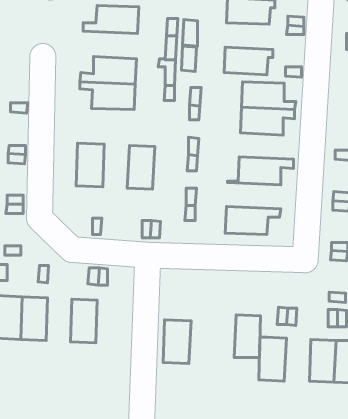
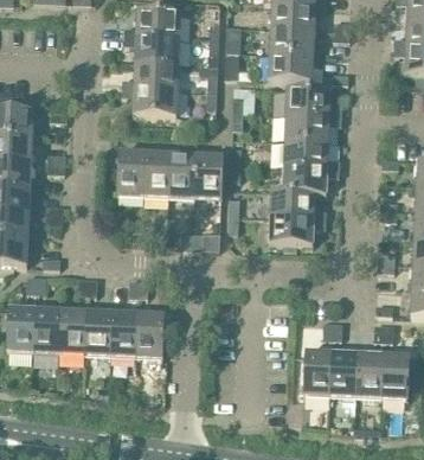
building: none -> [269,26,317,53]
building: none -> [122,34,179,63]
building: none -> [283,139,339,166]
building: none -> [143,151,171,196]
building: none -> [194,153,223,198]
building: none -> [270,190,326,217]
building: none -> [85,308,111,353]
building: [234,315,261,357] -> [329,350,356,394]
building: [163,320,191,364] -> [136,311,165,356]

